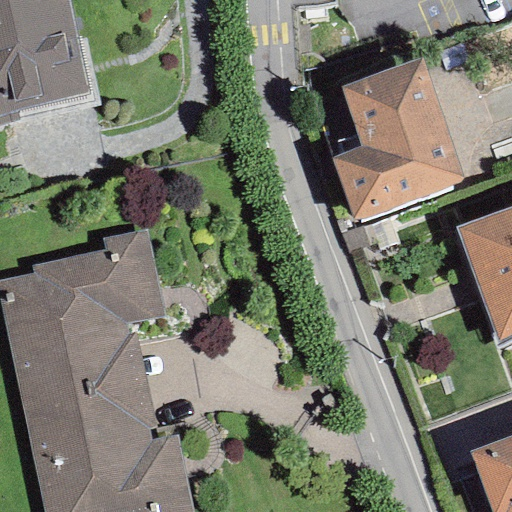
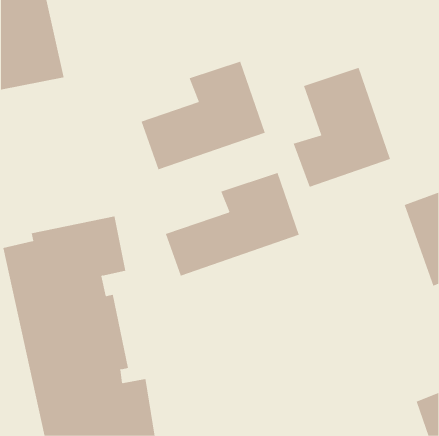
building: none -> [141,61,265,170]
building: none -> [165,172,299,276]

